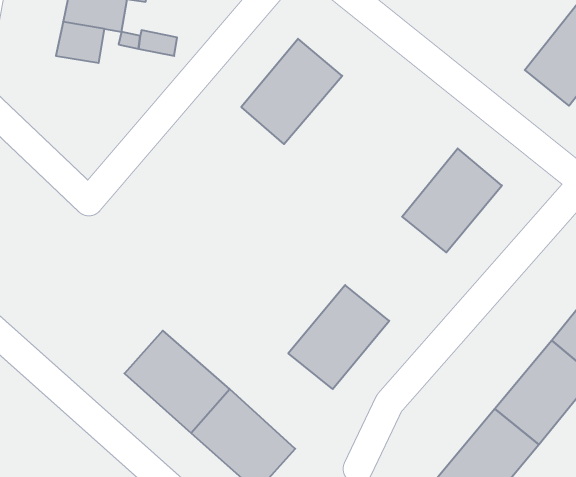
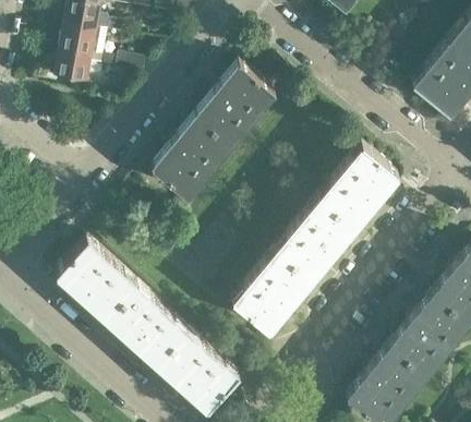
building: none -> [150,118,228,198]
building: none -> [275,202,352,281]
building: none -> [55,243,135,322]

